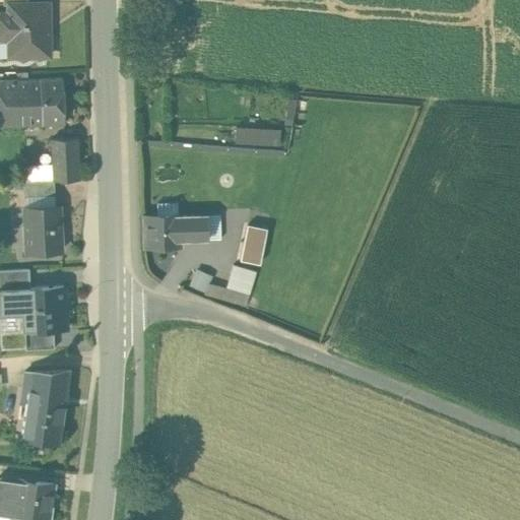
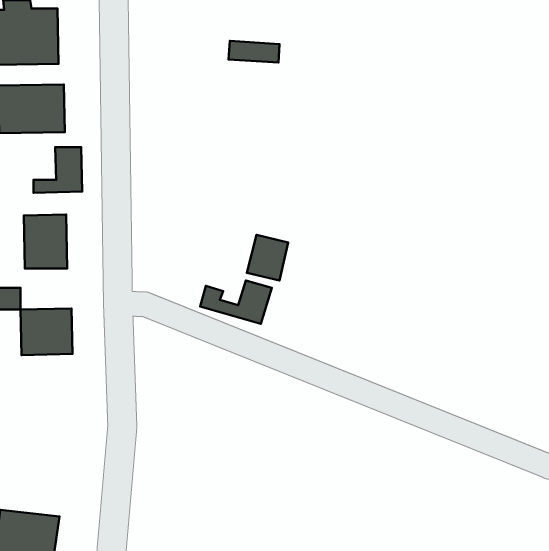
building: [232,125,279,145] -> [229,41,280,63]
building: [140,201,219,252] -> none
building: [18,373,73,444] -> none

